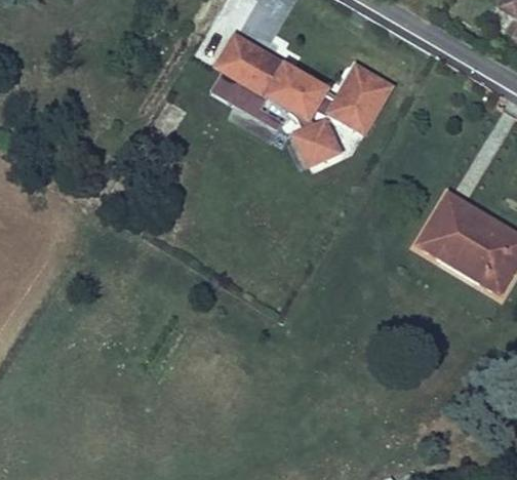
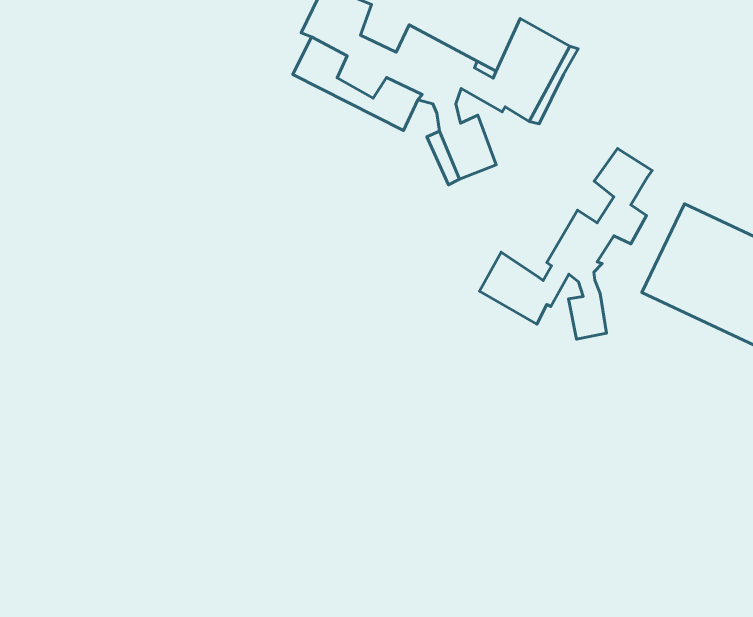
building: none -> [479,149,652,339]

